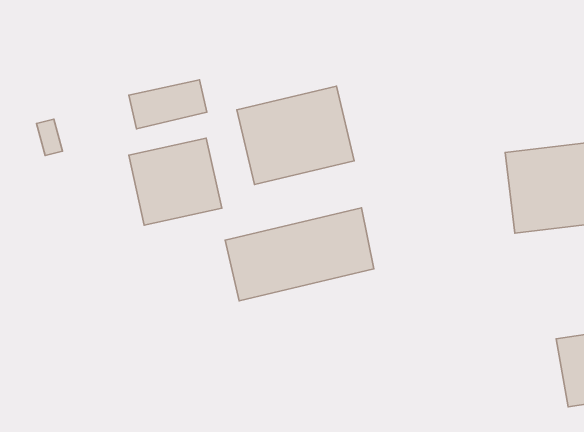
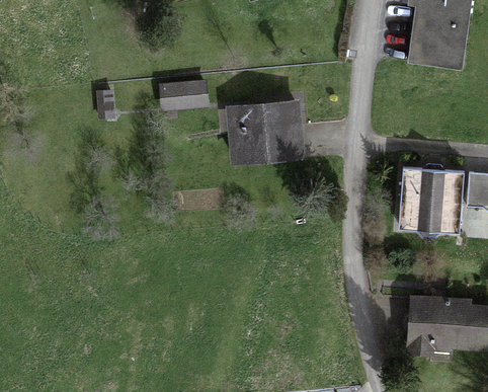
building: [129,138,222,225] -> none
building: [225,208,374,301] -> none

